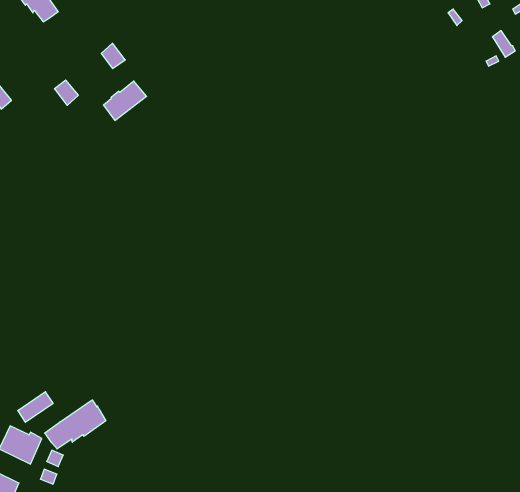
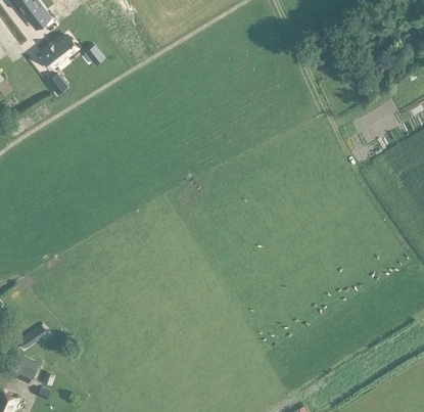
building: [103,81,147,120] -> [42,36,77,67]
building: [45,400,106,449] -> none

